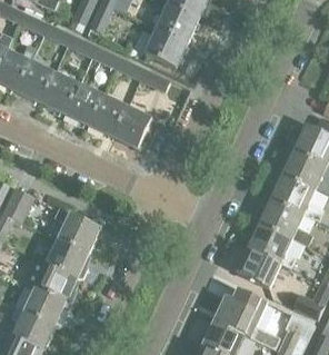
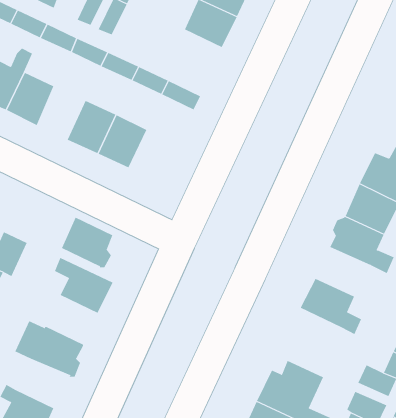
building: [144,27,186,66] -> none
building: [40,71,78,114] -> none
building: [112,106,151,147] -> none
building: [259,198,310,244] -> none
building: [47,236,88,276] -> [61,217,113,268]
building: [236,246,279,286] -> none
building: [23,286,66,325] -> none

